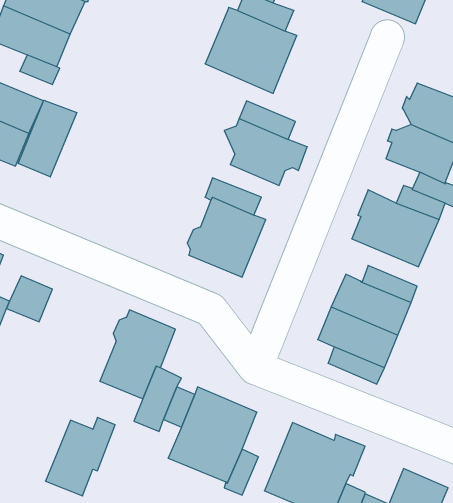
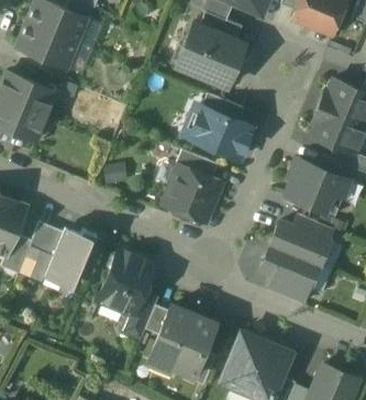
building: [18,100,77,177] -> none
building: [45,417,115,496] -> [44,231,96,289]

